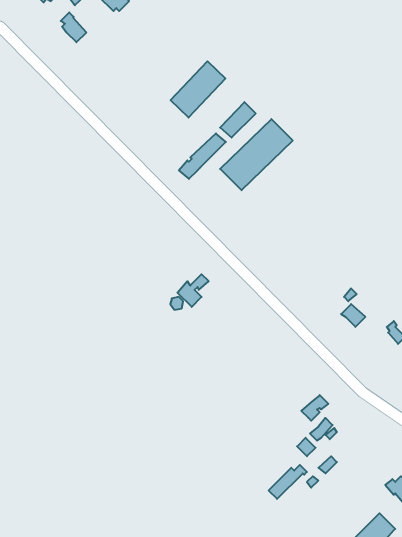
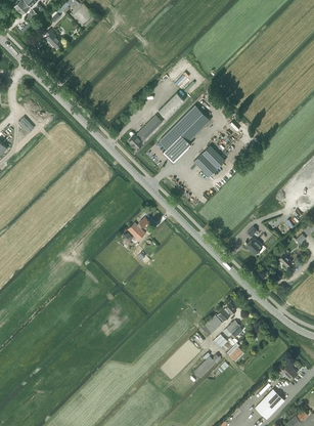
building: [171,61,225,118] -> none
building: none -> [193,145,225,177]

